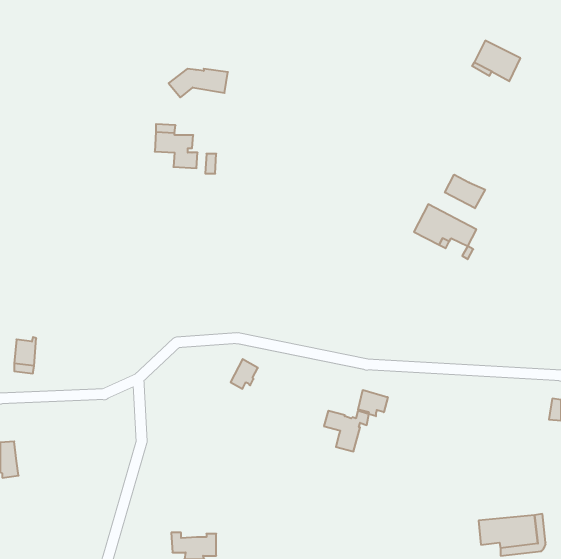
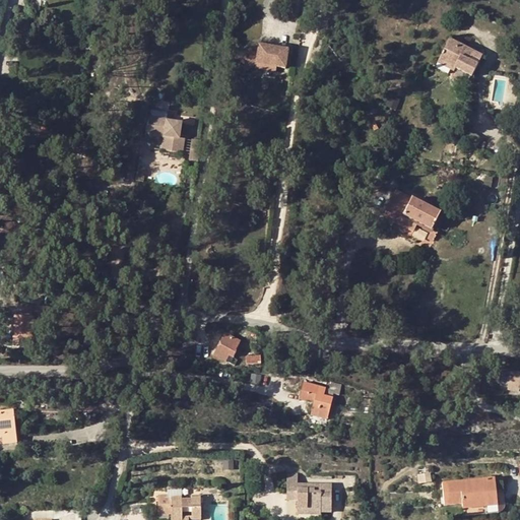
building: [169,69,228,97] -> [234,47,288,73]
building: [445,175,485,208] -> none
building: [358,390,388,416] -> none
building: none -> [287,471,331,510]

